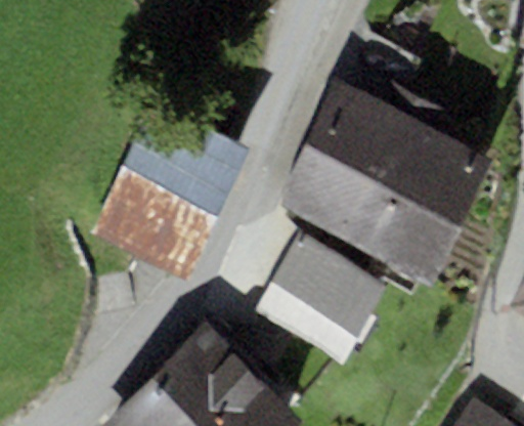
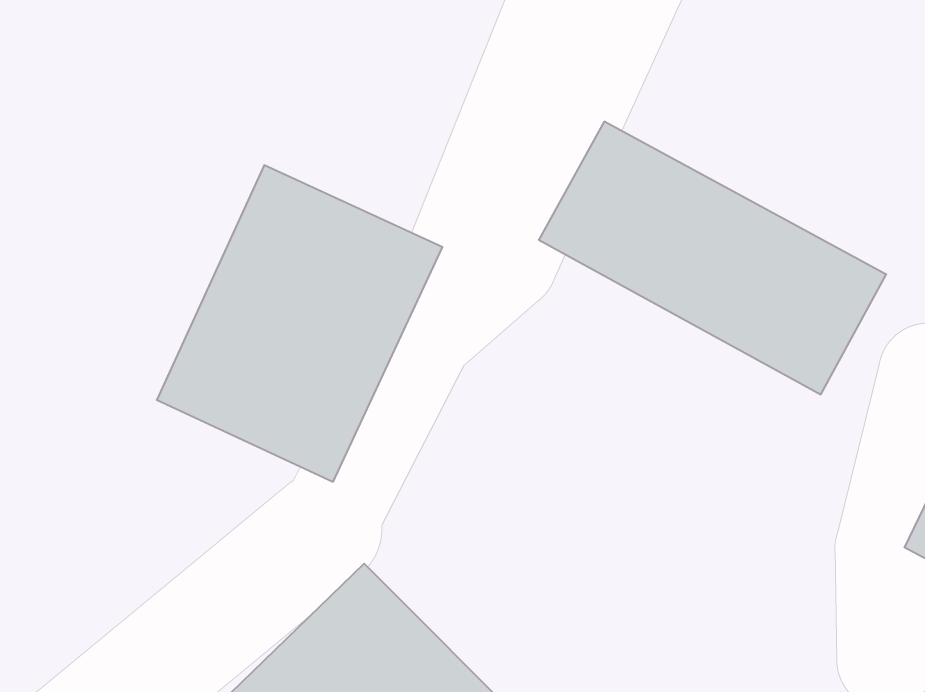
building: [271,143,463,289] -> none
building: [251,231,392,366] -> none

